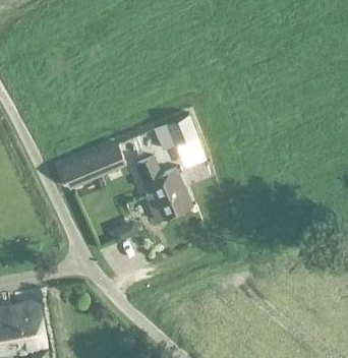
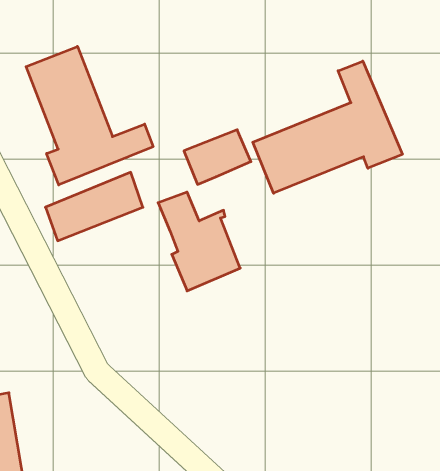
building: none -> [26,46,153,185]
building: none -> [253,61,402,193]

